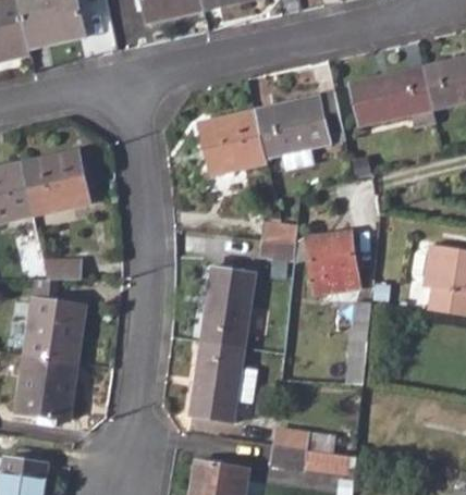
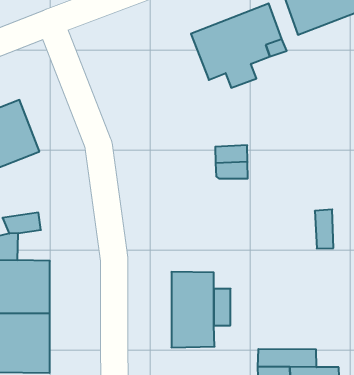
building: [199,109,268,175] -> none
building: [305,232,354,294] -> none
building: [203,269,255,346] -> none

